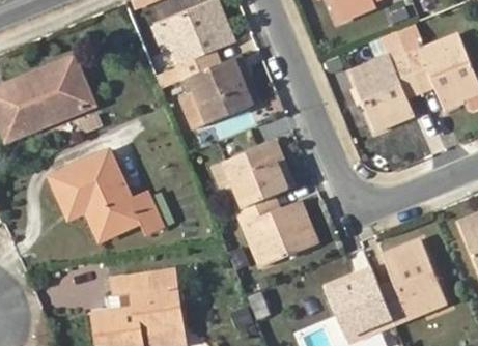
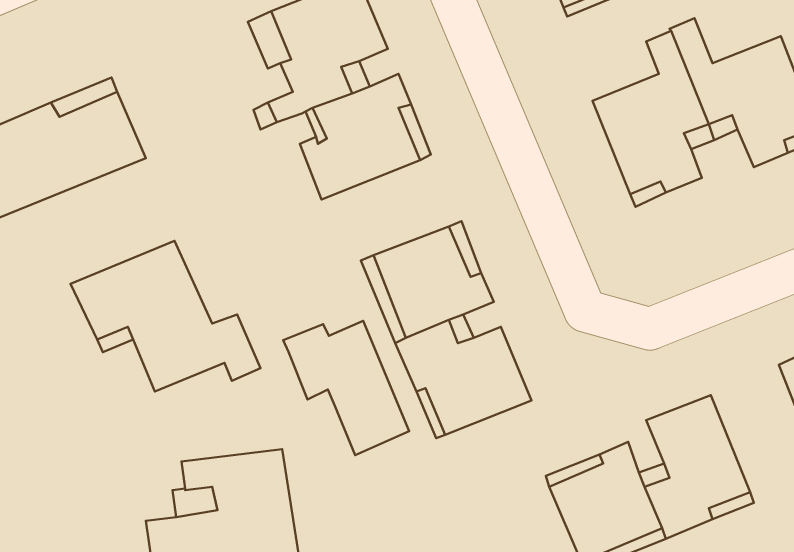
building: none -> [283,321,409,455]

